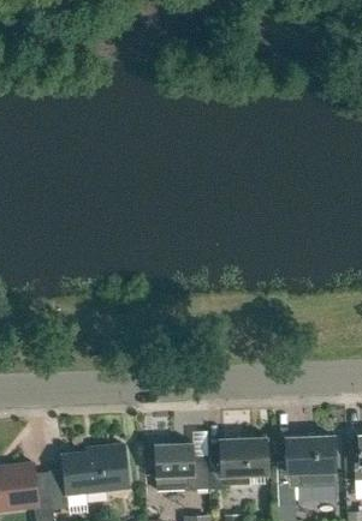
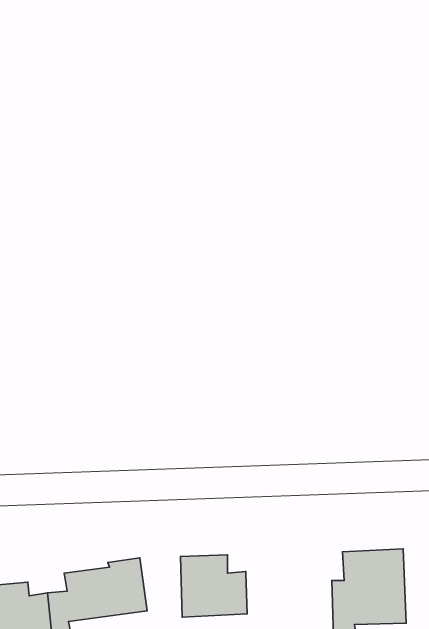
building: [208,438,268,489] -> none

